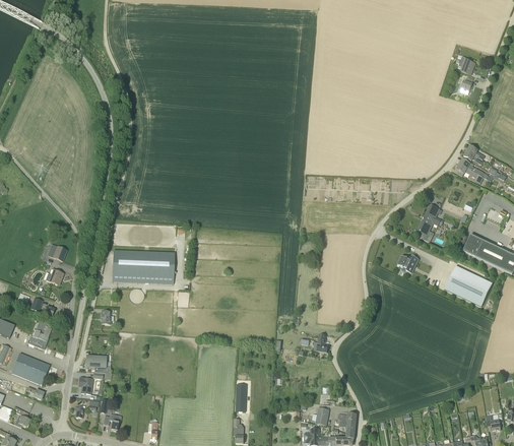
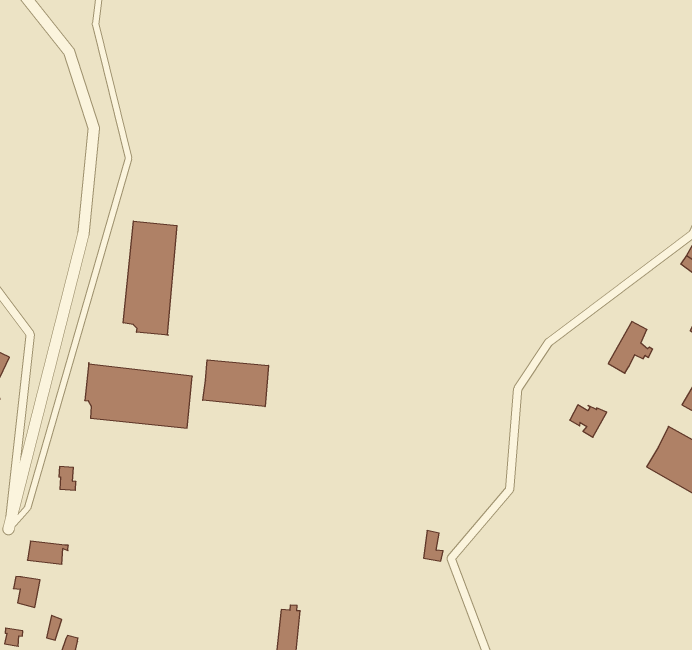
building: none -> [123,221,177,335]
building: none -> [203,360,268,407]

